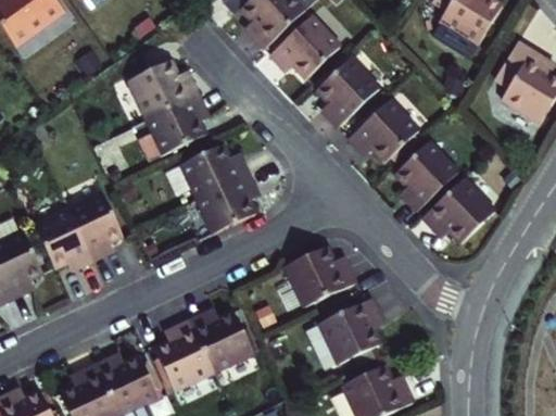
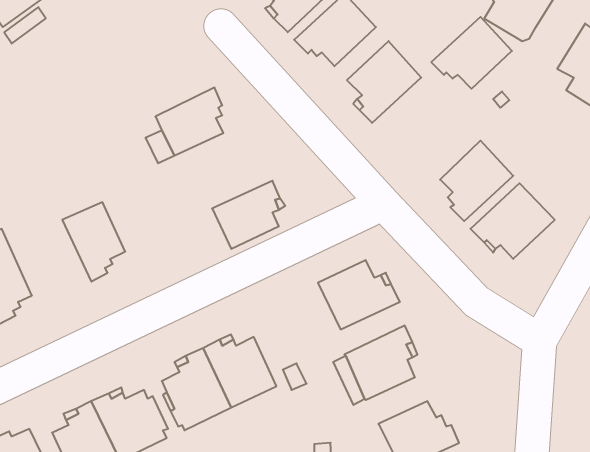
building: [130,62,200,121] -> none
building: [348,100,417,162] -> [431,17,512,89]
building: [168,148,250,200] -> none
building: [35,210,93,269] -> none

